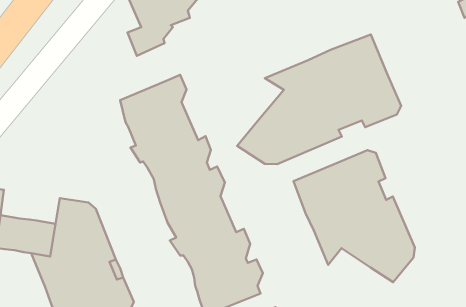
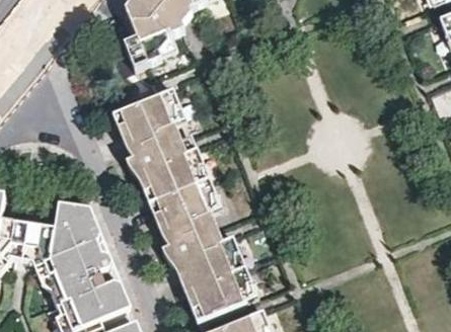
building: [237,34,401,164] -> none
building: [294,150,415,282] -> none

